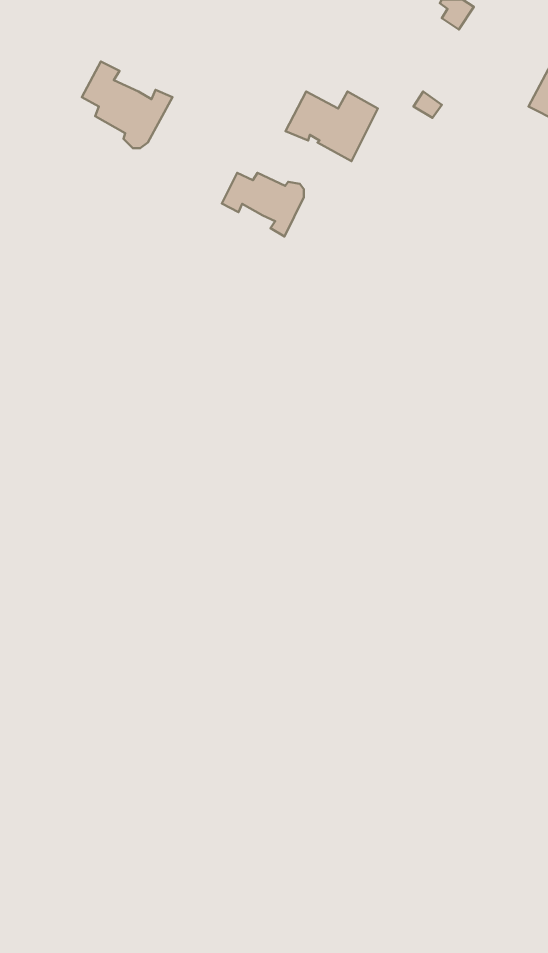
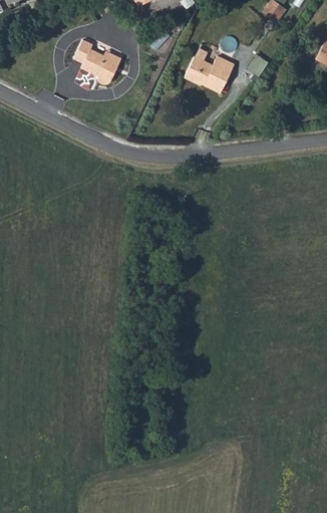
building: [222,173,304,237] -> none

